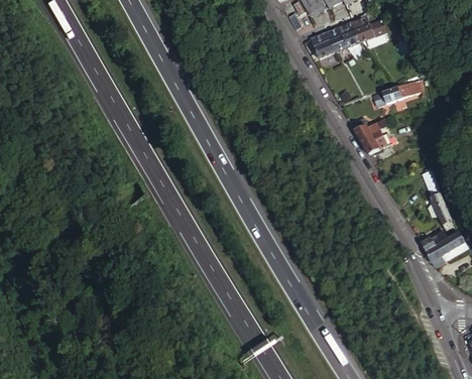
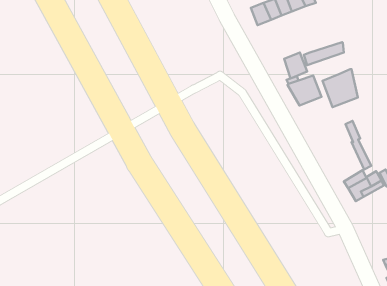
building: none -> [284,53,307,78]
building: none -> [323,69,358,107]

